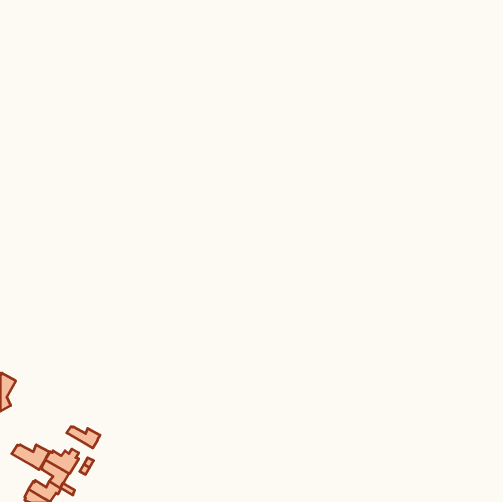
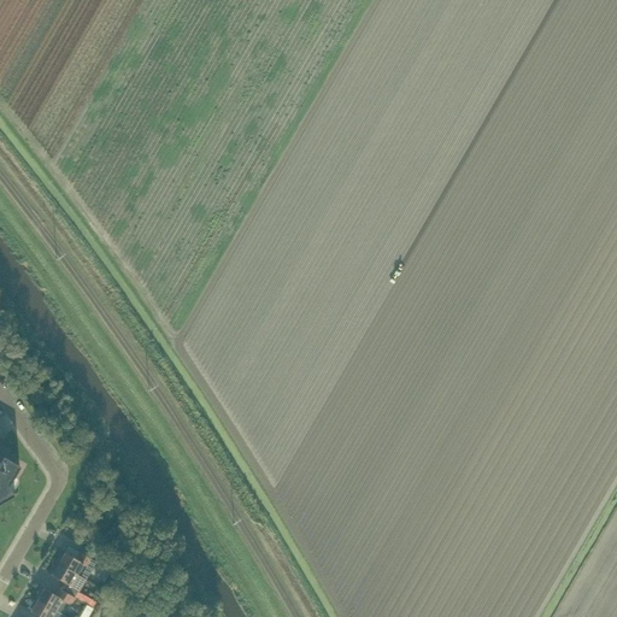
building: [67,427,100,448] -> none
building: [12,445,49,470] -> none

